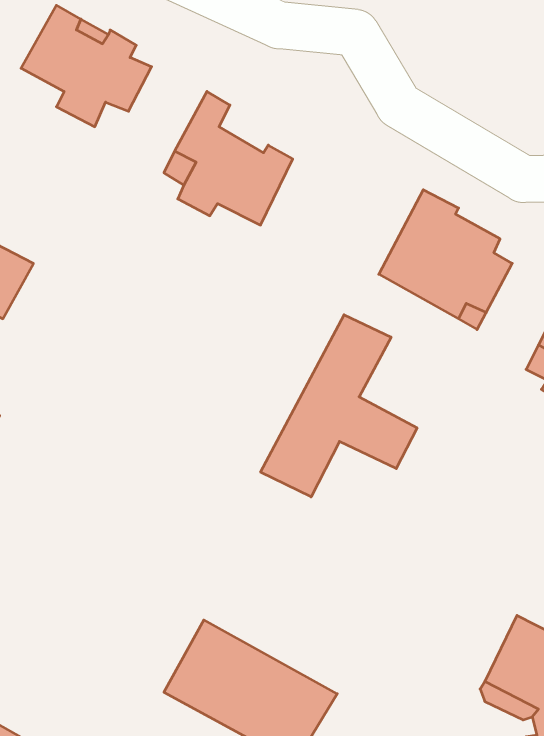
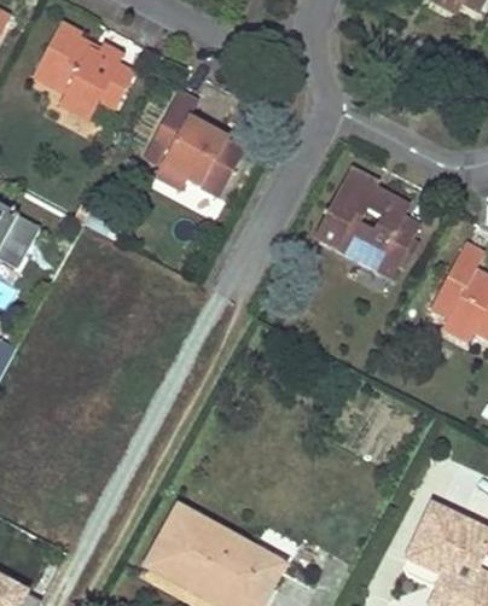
building: [261,315,417,497] -> none

